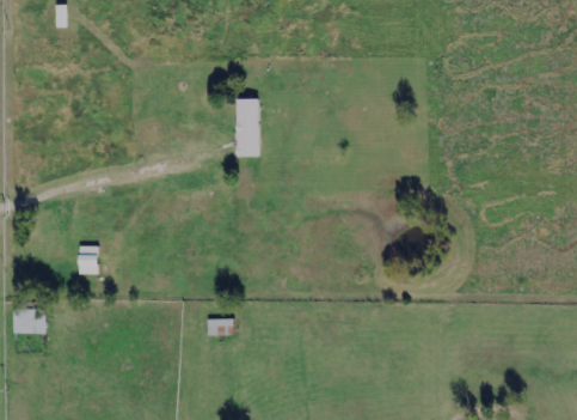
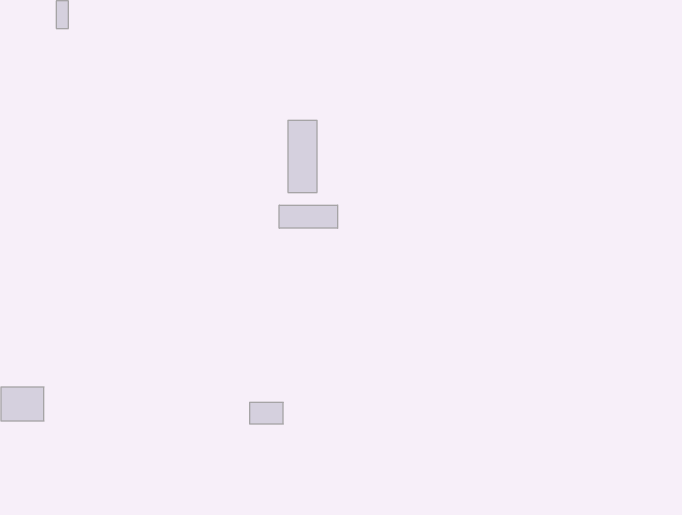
building: none -> [279,205,338,228]
building: [78,246,98,274] -> none

